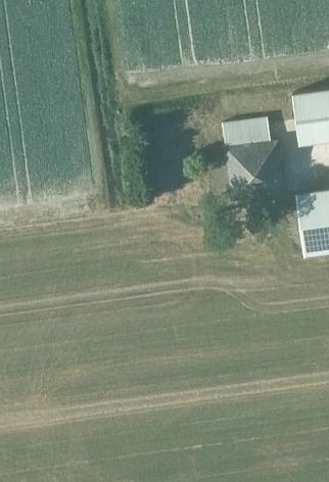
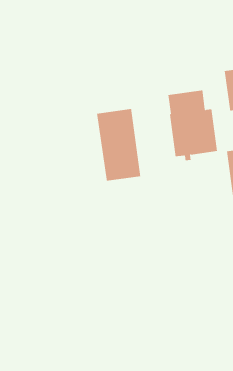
building: none -> [96,108,141,182]

